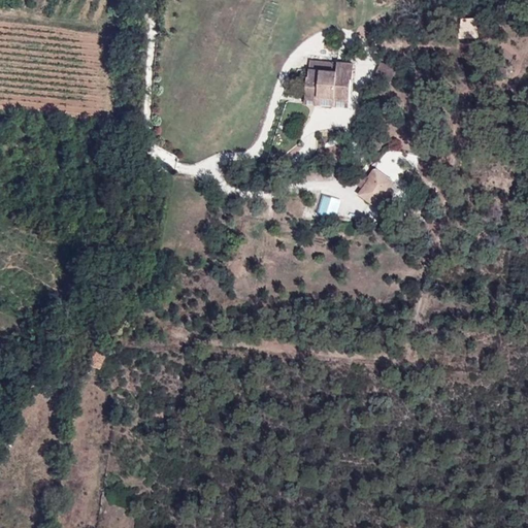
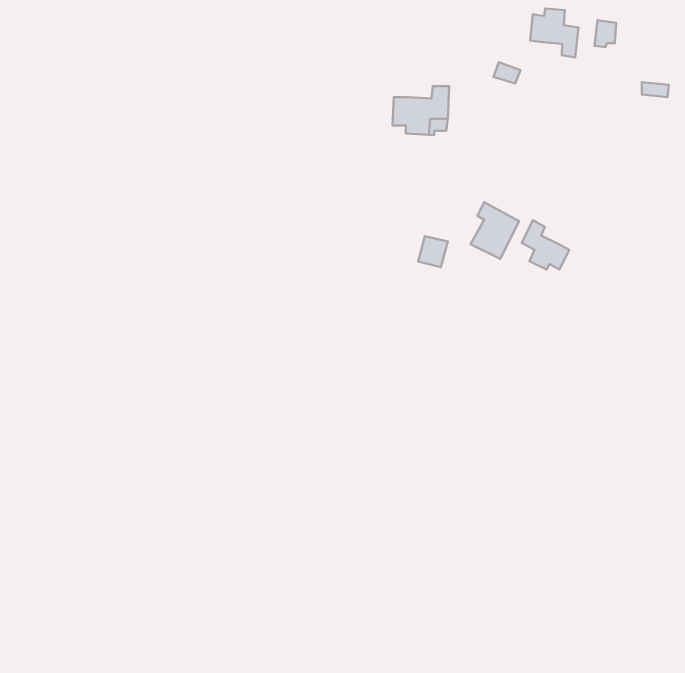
building: none -> [530,9,578,57]
building: none -> [522,220,569,270]

